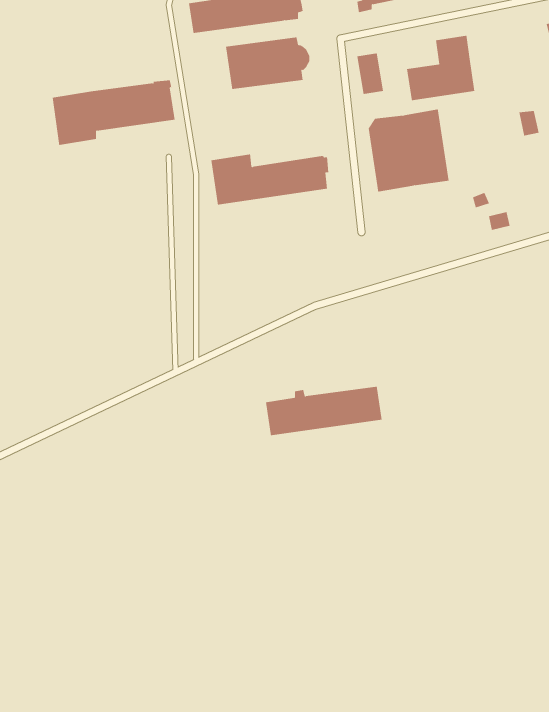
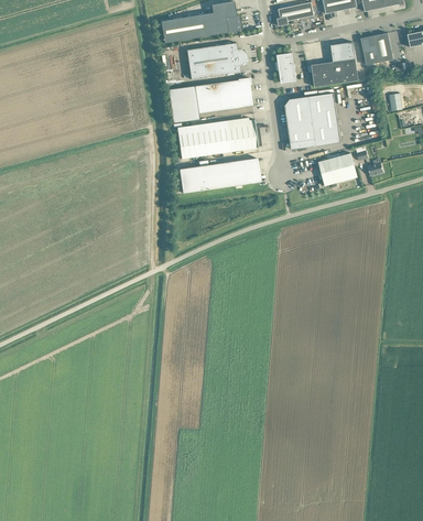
building: none -> [360,33,392,65]
building: [52,80,175,145] -> [167,78,252,123]
building: none -> [318,153,357,186]
building: [265,386,382,436] -> [178,159,259,193]

